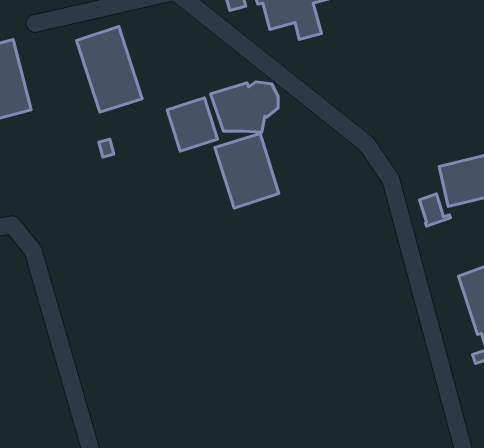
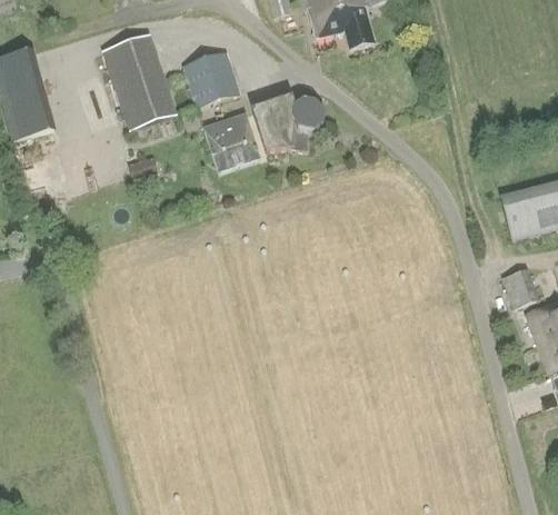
building: none -> [183,51,239,107]
building: [215,134,279,208] -> none
building: [419,194,451,226] -> [505,273,539,308]

